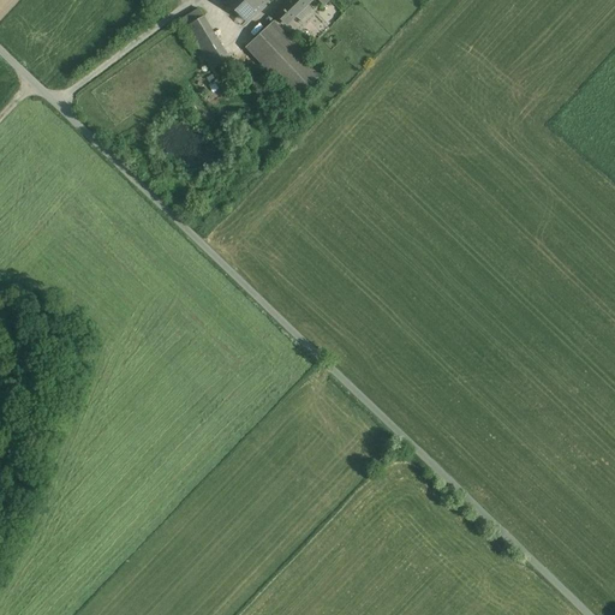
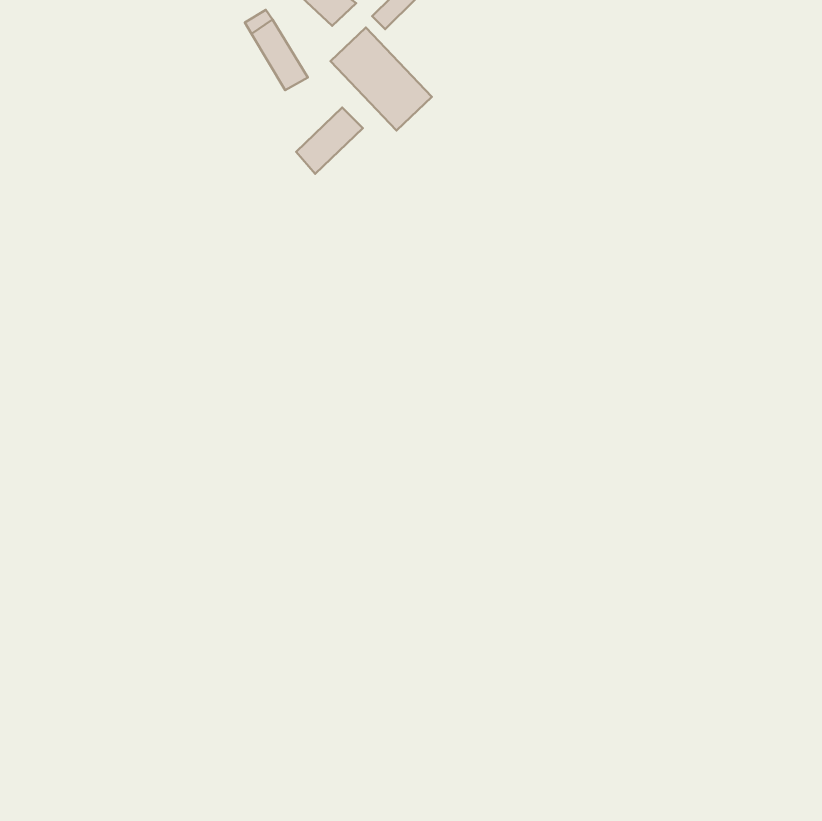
building: none -> [296,107,363,174]

